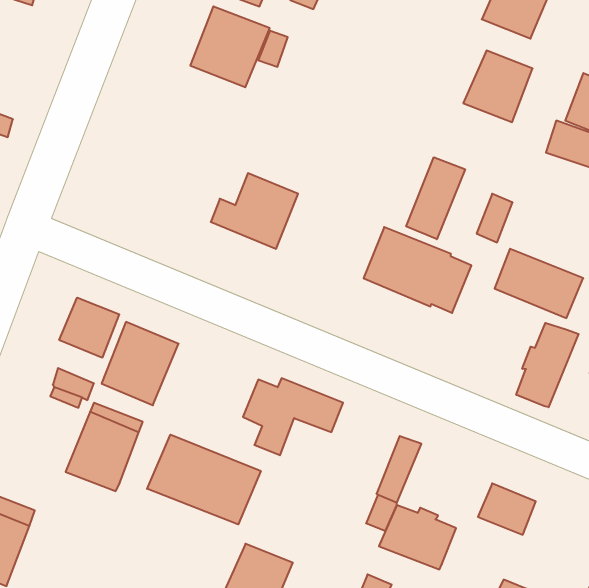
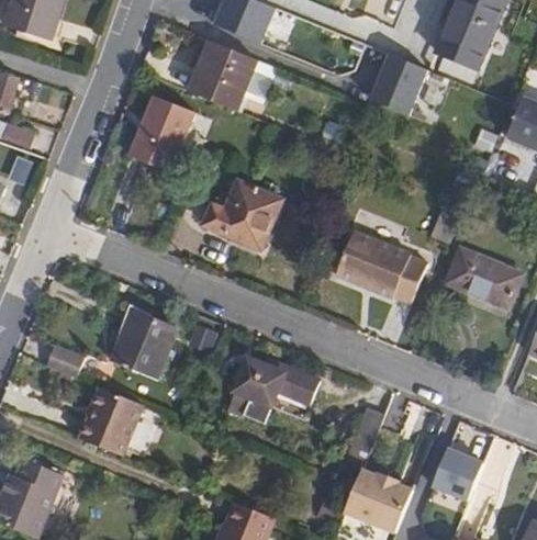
building: [463,51,533,122] -> [372,56,432,117]
building: none -> [128,94,192,170]
building: [406,157,465,239] -> none
building: [59,298,119,358] -> none
building: [516,323,579,407] -> none
building: [147,435,261,524] -> none

